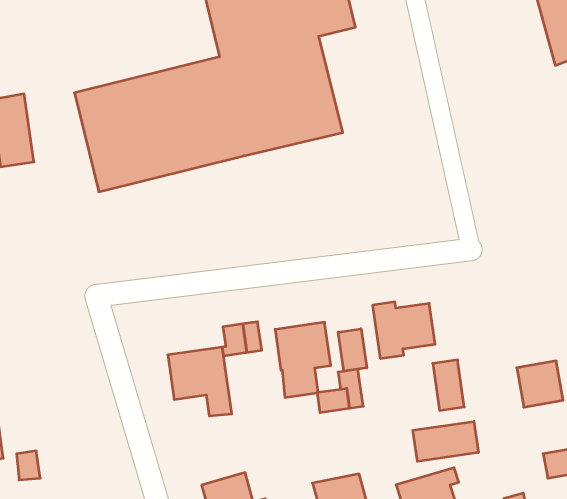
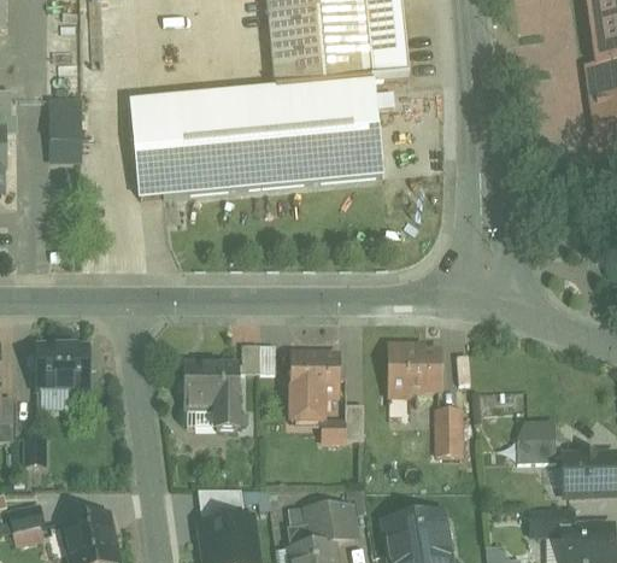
building: [338,329,367,371] -> none
building: none -> [36,345,89,389]
building: [413,421,478,461] -> none

